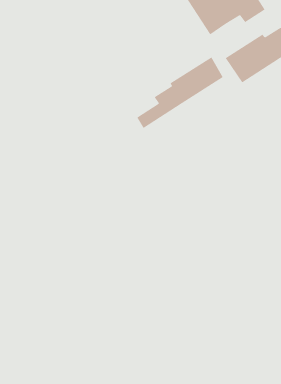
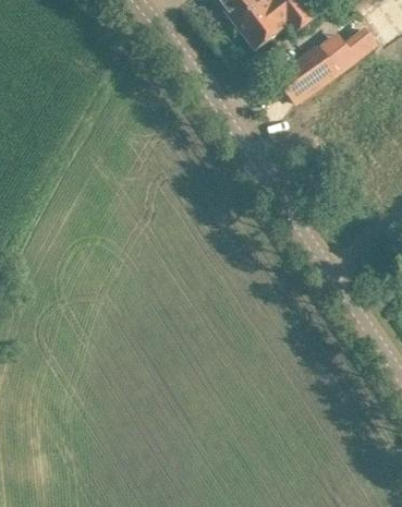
building: [137,57,224,129] -> none

